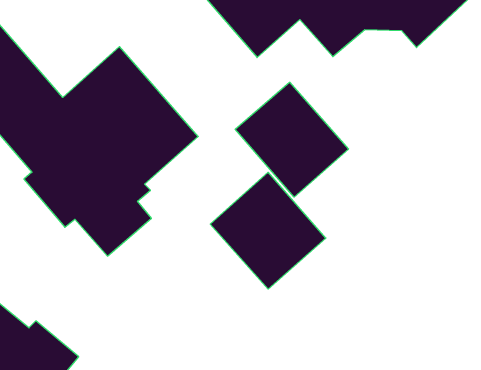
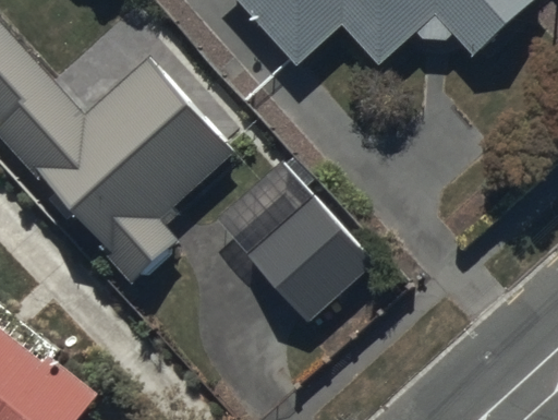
building: [235,82,348,197] -> none

